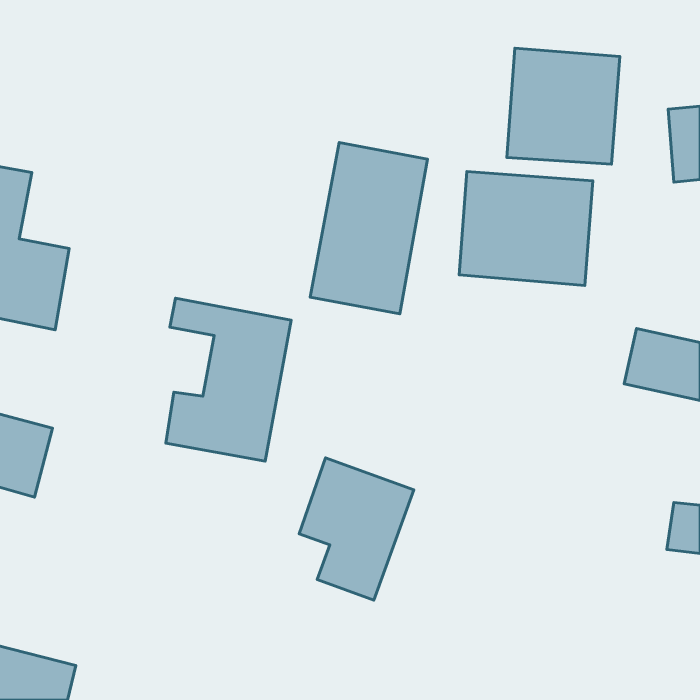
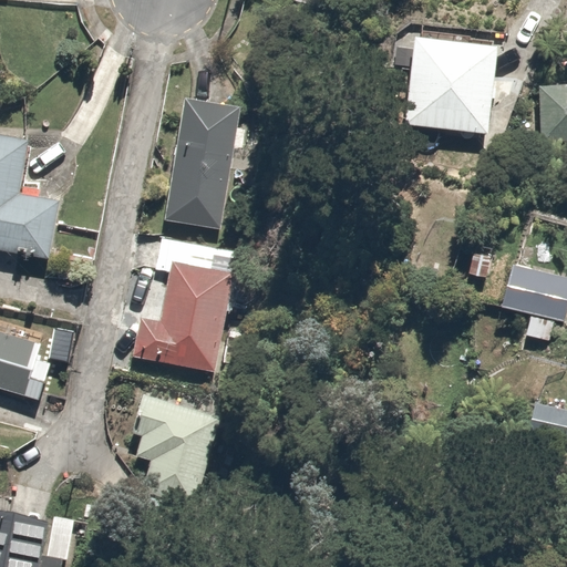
building: [310,143,427,314] -> [164,96,258,234]
building: [459,172,593,285] -> none
building: [299,458,414,600] -> [126,390,218,504]

